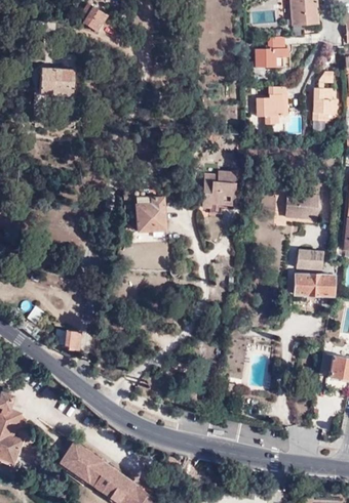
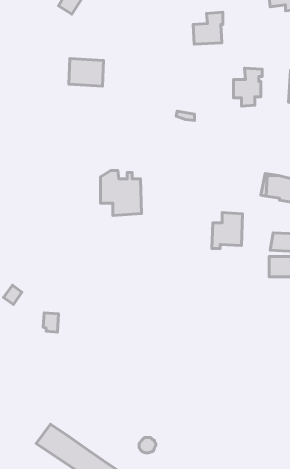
building: [254,38,283,70] -> [193,12,223,44]
building: [38,71,73,98] -> [69,59,104,86]
building: [201,168,232,204] -> [212,213,243,248]

